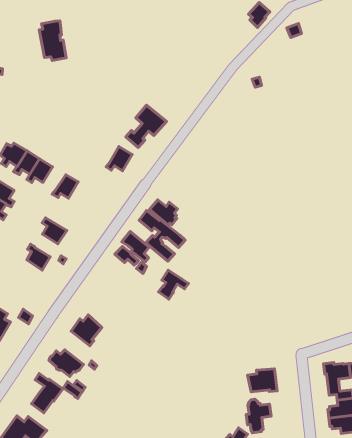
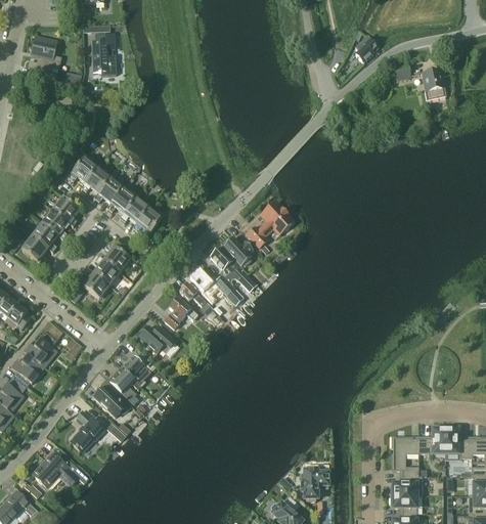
building: [39,21,66,60] -> [91,33,117,75]
building: none -> [421,69,445,99]
building: [126,105,166,148] -> [248,202,294,247]
building: [106,147,132,171] -> [132,207,162,233]
building: none -> [106,187,136,213]
building: none -> [93,255,119,285]
building: [158,270,189,299] -> [164,297,197,329]
building: none -> [138,325,176,353]
building: none -> [108,367,140,404]
building: [248,369,277,392] -> none

